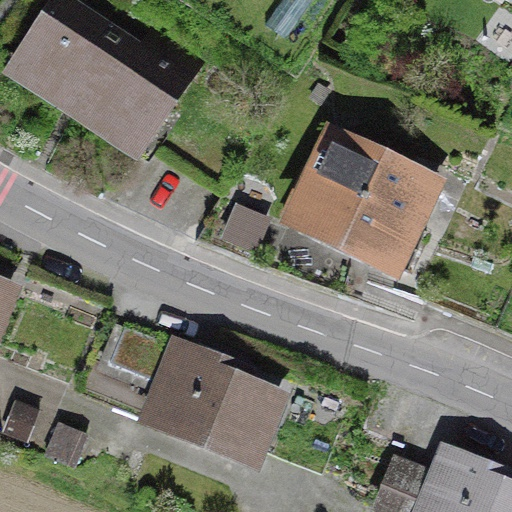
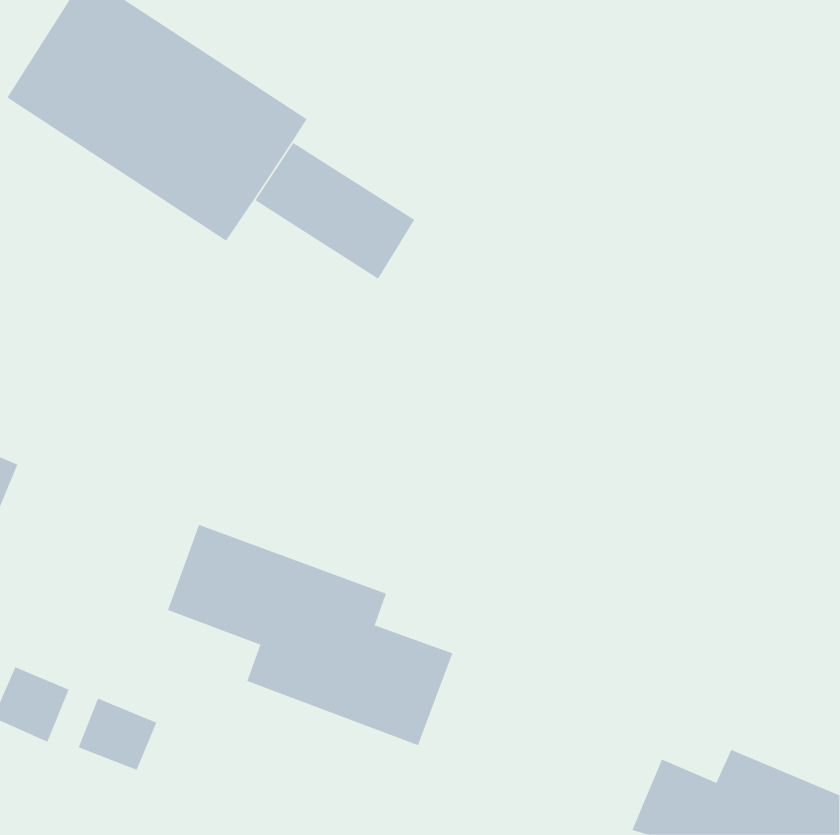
building: [279,129,458,298] -> none

